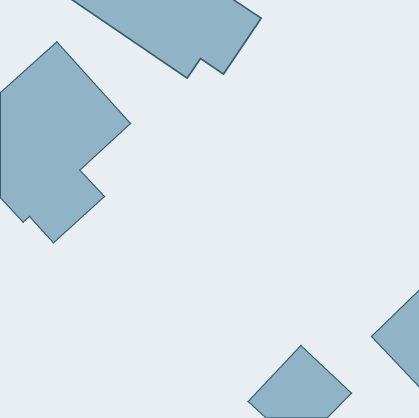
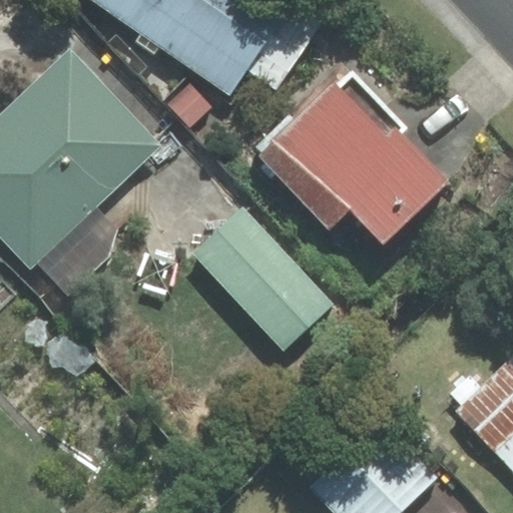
building: none -> [255,83,446,244]
building: none -> [192,205,335,351]

